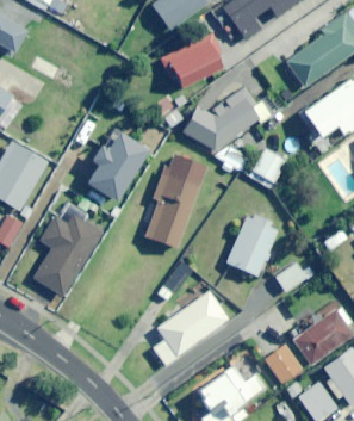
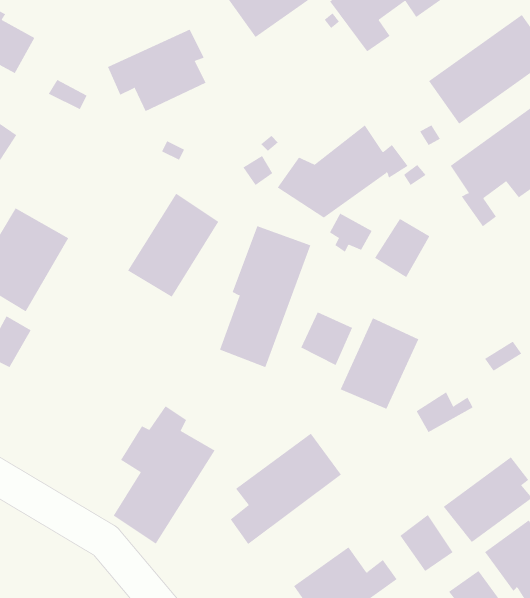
building: [157,33,223,88] -> [107,29,206,112]
building: [35,204,103,296] -> [113,406,216,544]
building: none -> [300,311,353,366]

